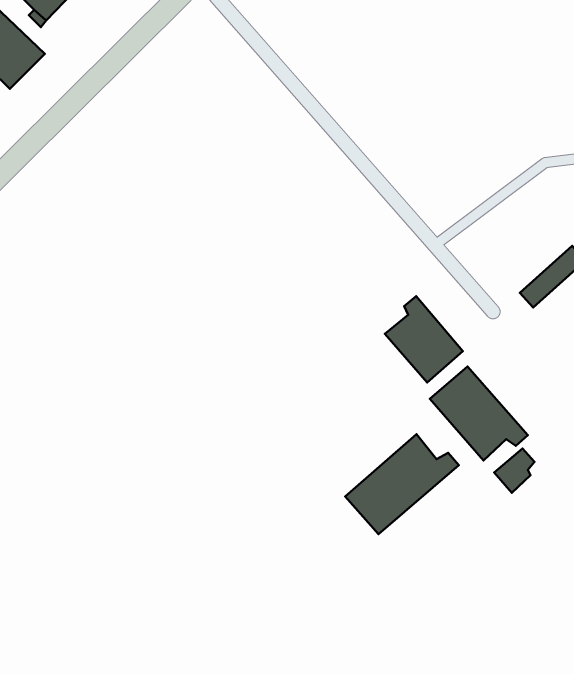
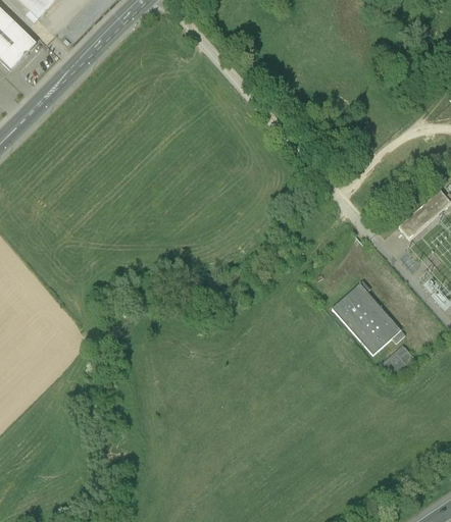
building: [385,296,463,383] -> none
building: [345,434,459,534] -> none

